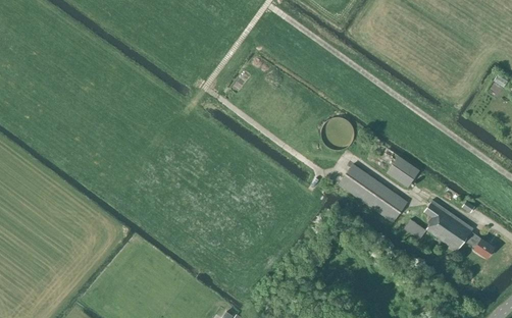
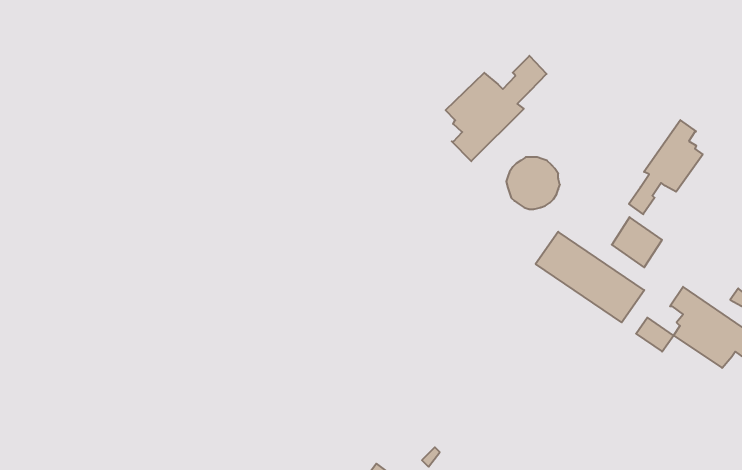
building: none -> [446,56,547,161]
building: none -> [629,120,703,214]

